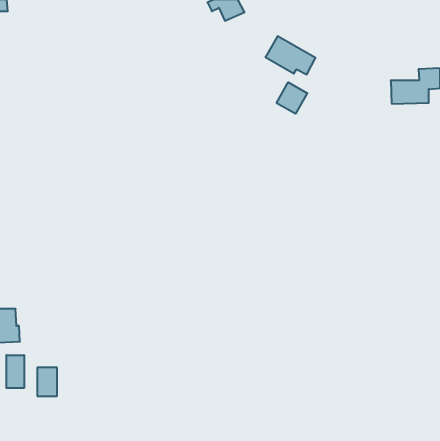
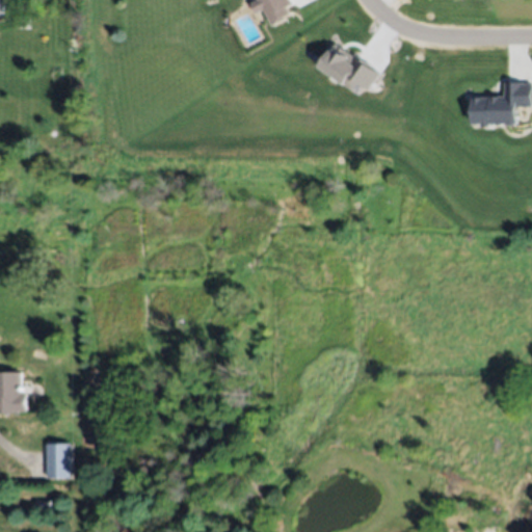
building: [277,82,307,114] -> none
building: [6,355,24,388] -> none

